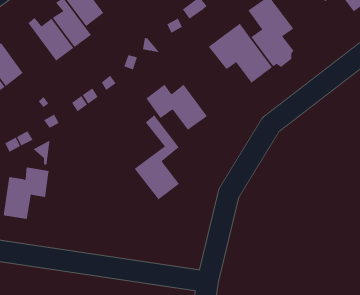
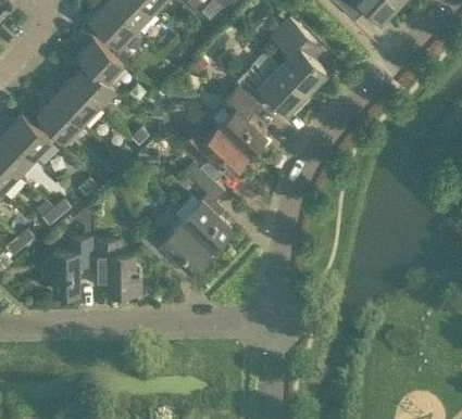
building: none -> [37,89,83,141]
building: none -> [218,87,267,154]
building: none -> [139,221,212,271]
building: none -> [95,241,140,292]

